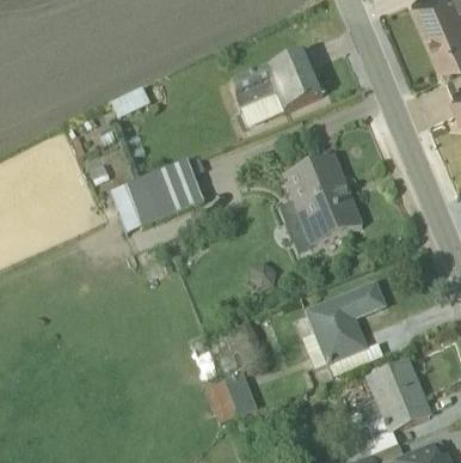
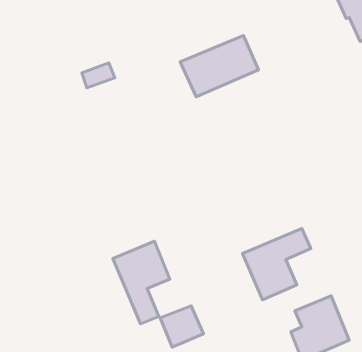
building: [279,156,362,252] -> none
building: [111,163,203,232] -> none
building: none -> [113,241,170,324]

